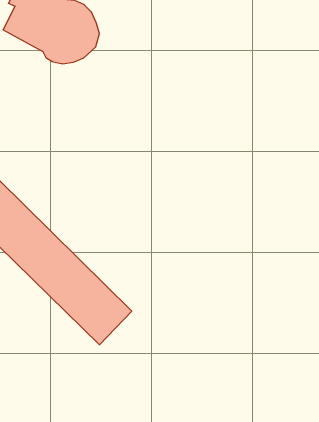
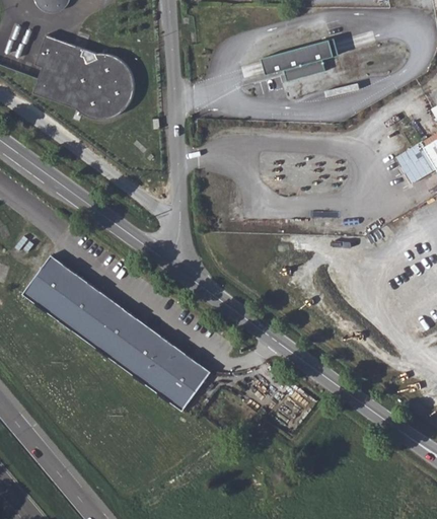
building: none -> [264,39,341,82]

